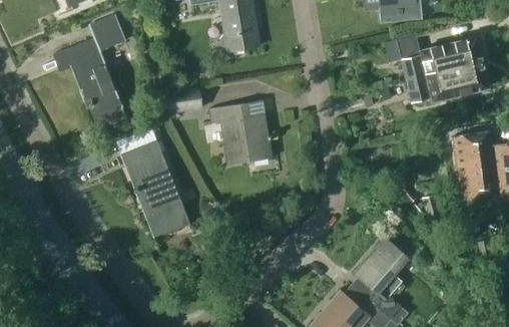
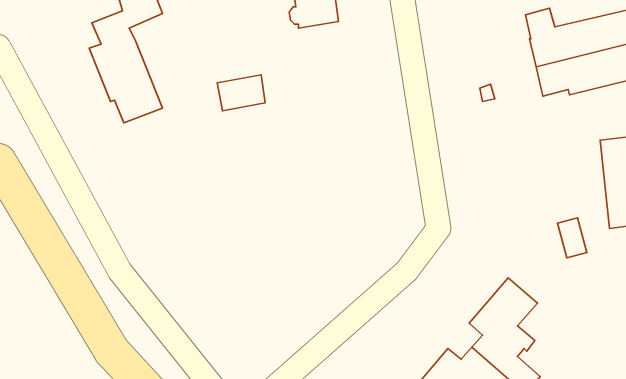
building: [207,99,272,165] -> none
building: [121,139,188,236] -> none

